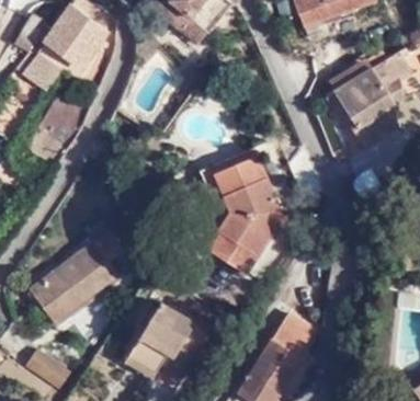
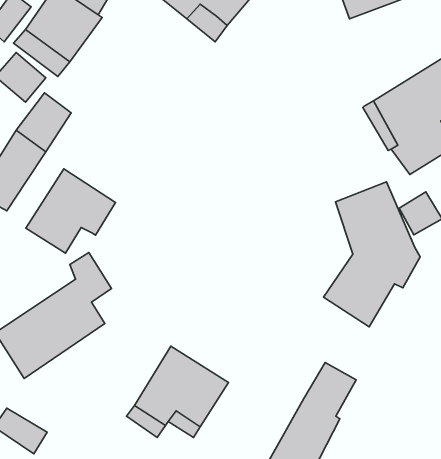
building: [208,153,287,272] -> [323,182,420,327]
building: none -> [26,169,116,253]

